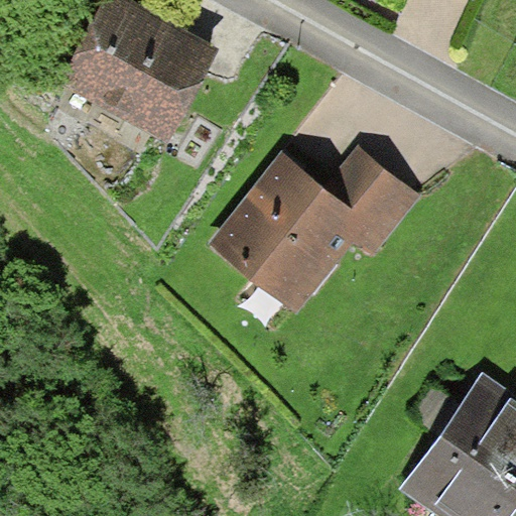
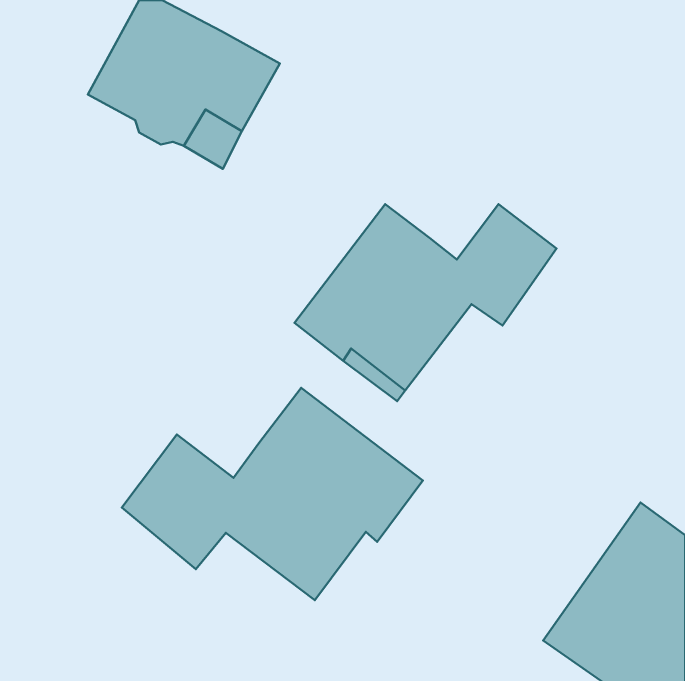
building: none -> [122,388,423,600]

